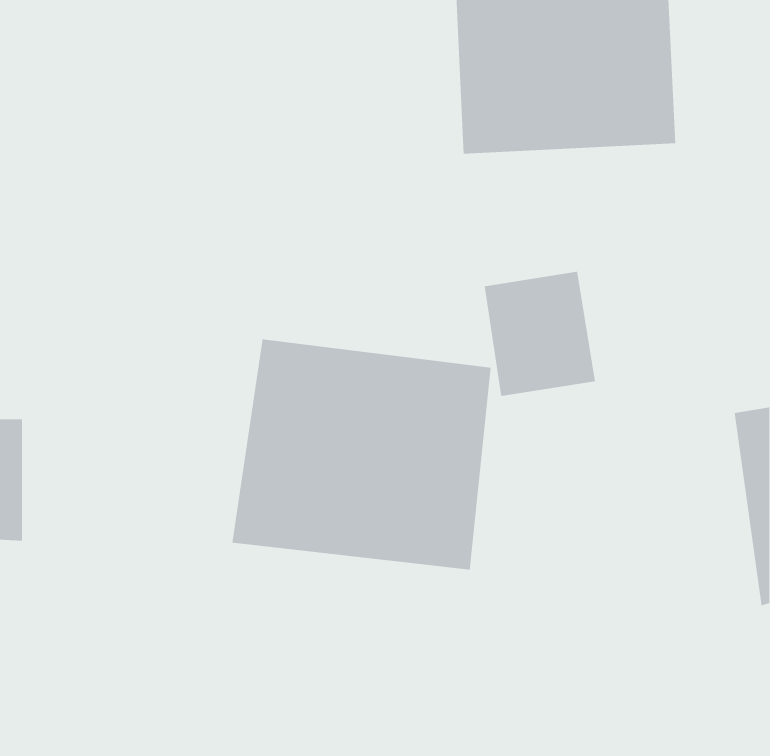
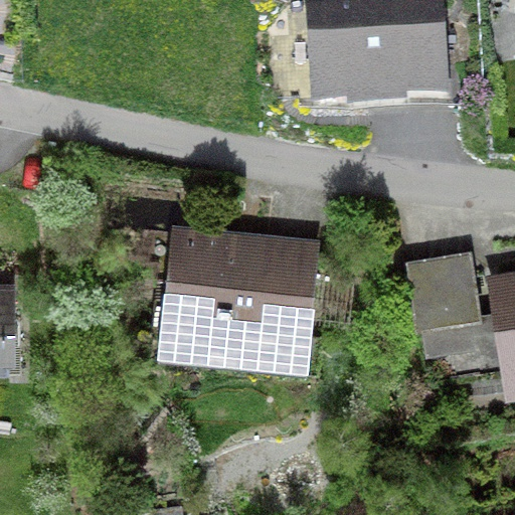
building: [484,271,596,397] -> [408,250,483,334]

